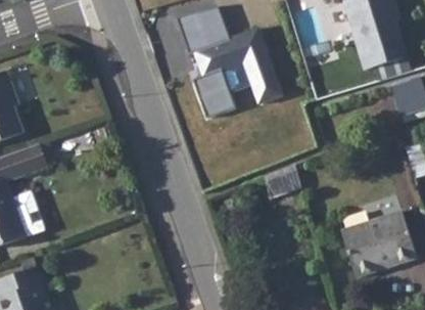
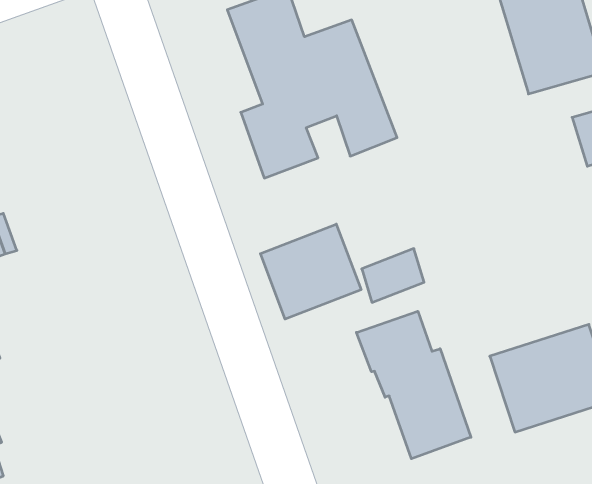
building: none -> [260,224,361,319]
building: none -> [356,311,471,459]

